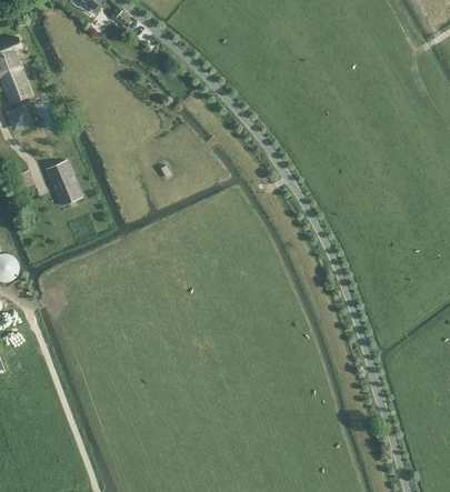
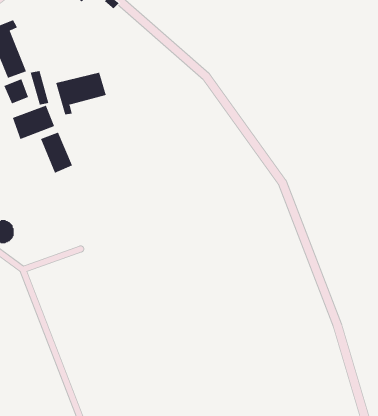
building: none -> [55,72,106,115]
building: none -> [12,105,55,140]

